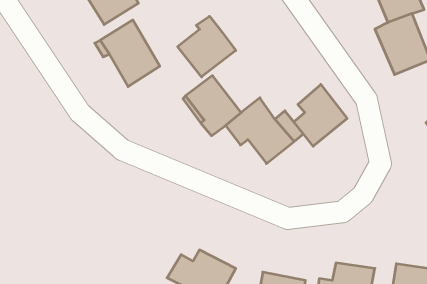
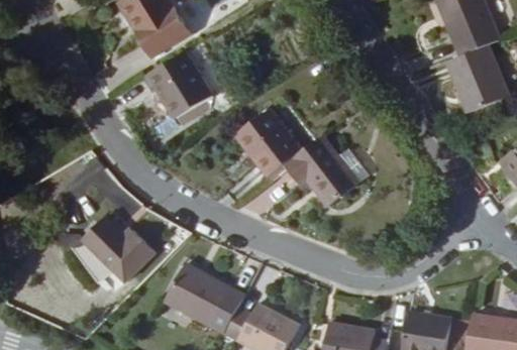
building: [178,16,236,77] -> none
building: [294,84,347,146] -> none
building: none -> [80,218,150,282]
building: none -> [163,263,242,332]

